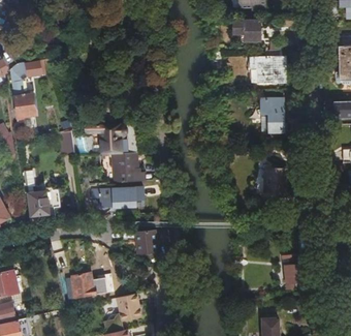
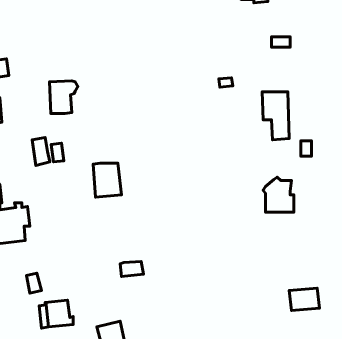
building: [236,21,261,39] -> none
building: [252,56,288,83] -> none
building: [100,124,125,153] -> [50,81,78,114]
building: [92,187,145,206] -> none

